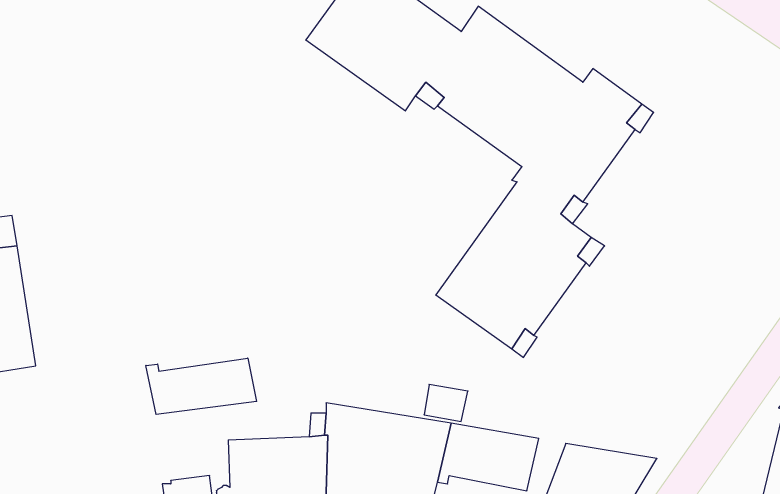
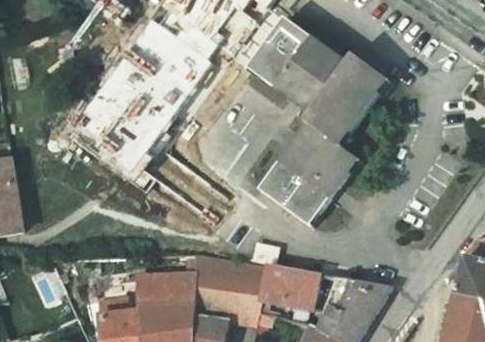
building: [146,358,257,414] -> none

